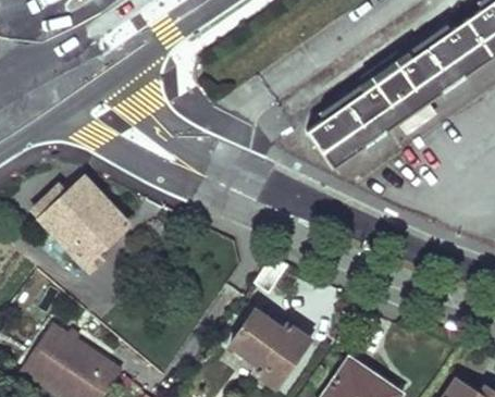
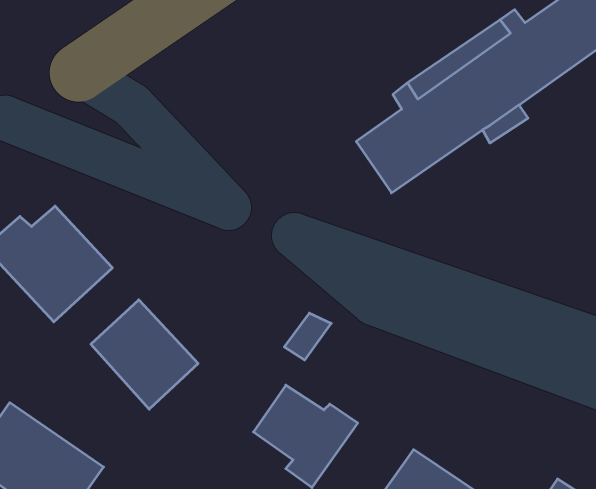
building: none -> [91,300,198,409]

